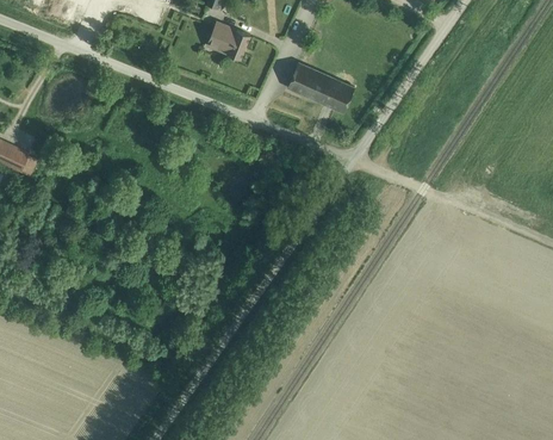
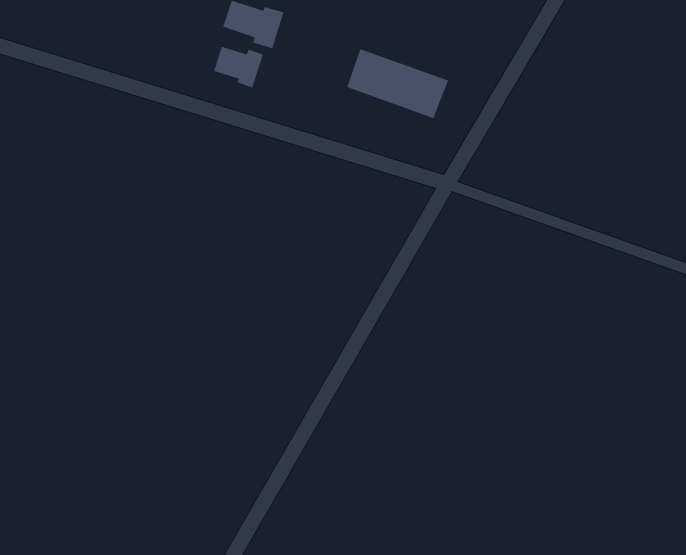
building: none -> [213,46,264,89]

